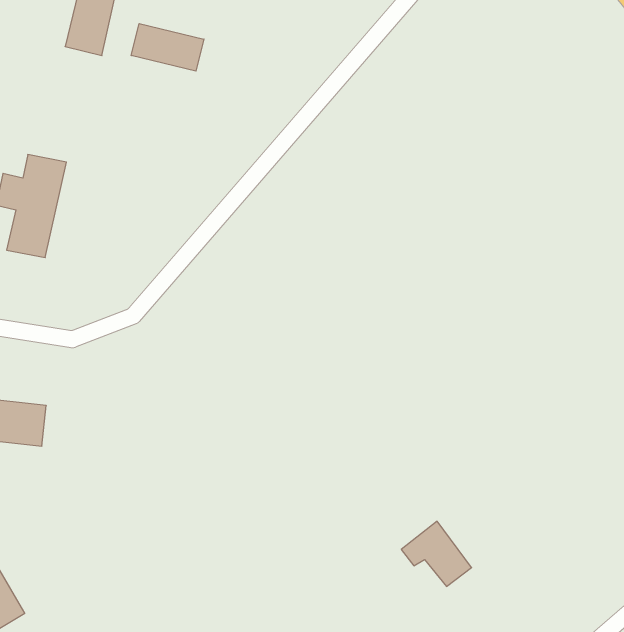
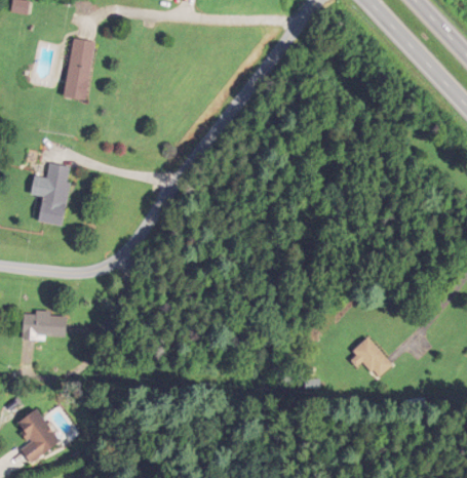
building: [131,24,204,71] -> none
building: [401,521,472,586] -> [348,337,391,376]

